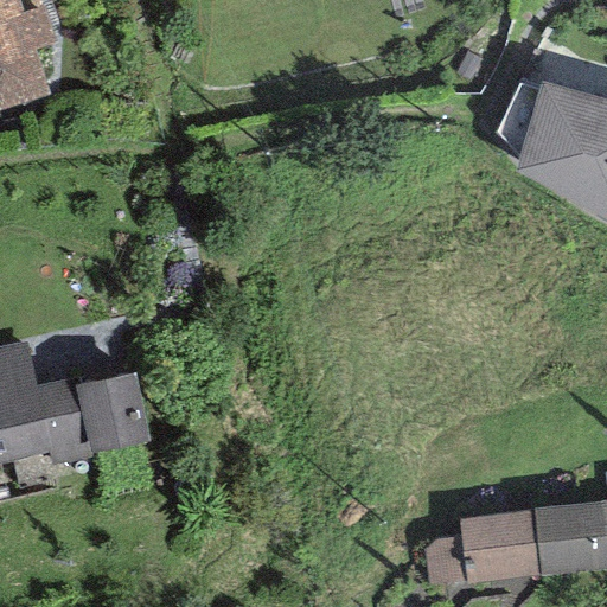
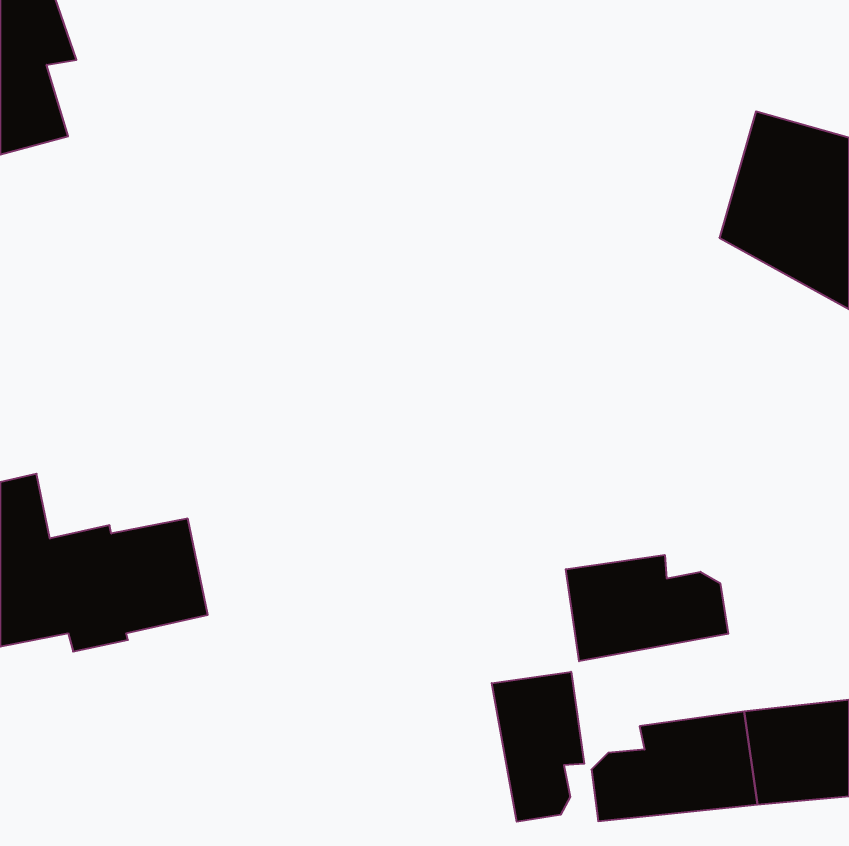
building: none -> [566,555,728,661]
building: none -> [492,672,584,822]

